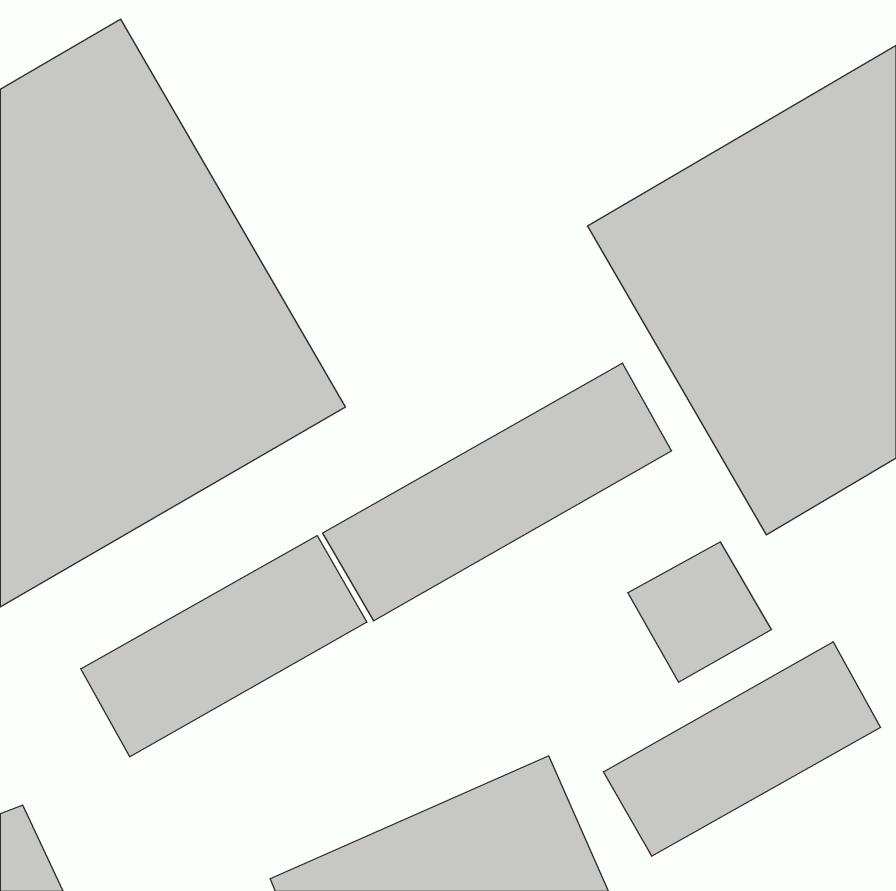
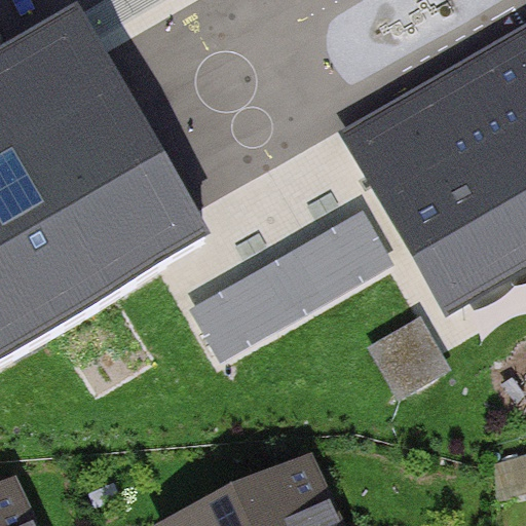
building: [81,536,367,757] -> none
building: [603,642,881,856] -> none

